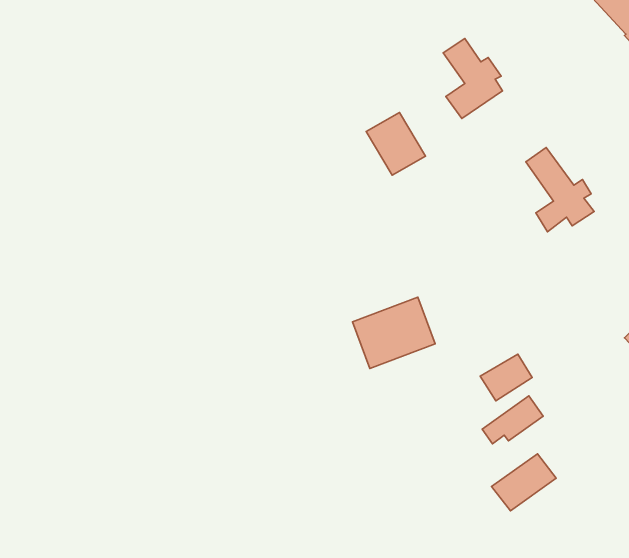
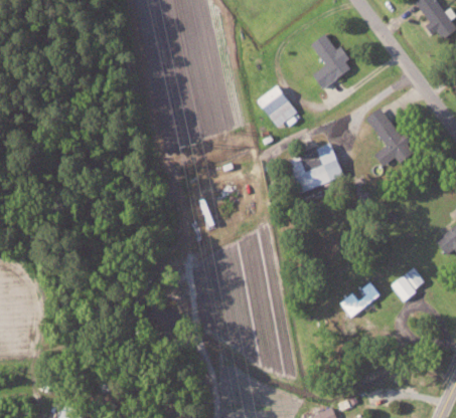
building: [353,297,435,368] -> [289,144,346,193]
building: [480,354,532,401] -> [390,268,426,300]
building: [492,454,556,511] -> none

